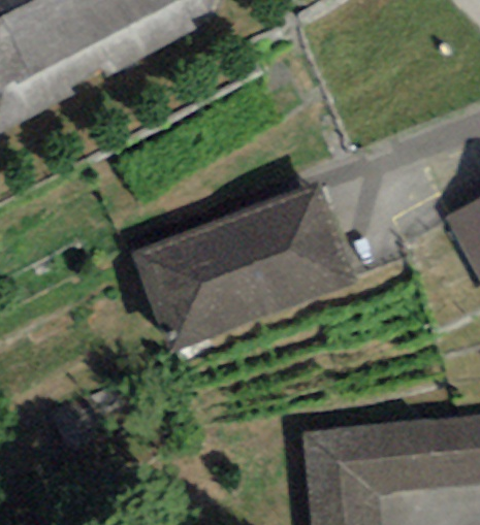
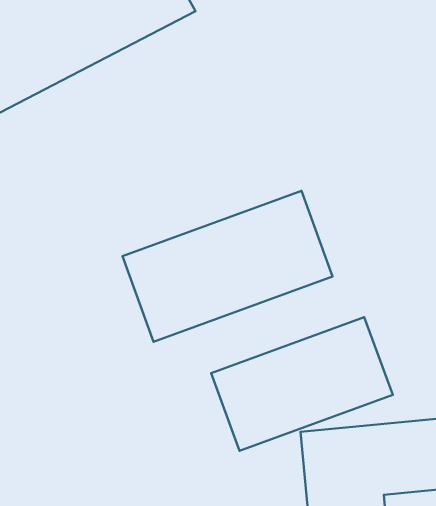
building: none -> [211,317,393,451]

